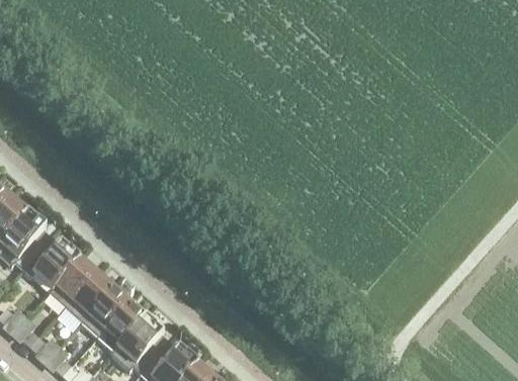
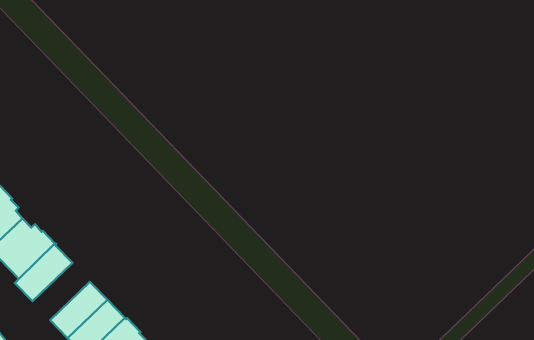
building: [70,277,117,327] -> none

